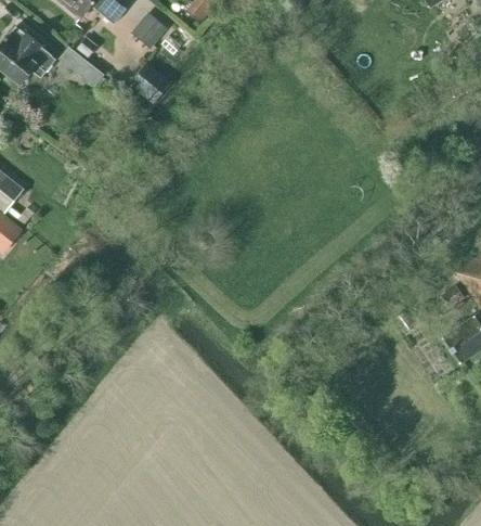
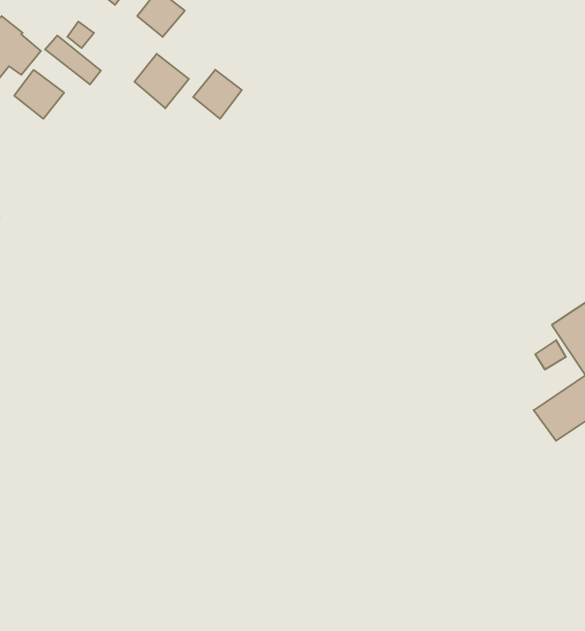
building: none -> [193,70,242,119]
building: none -> [14,70,64,119]

